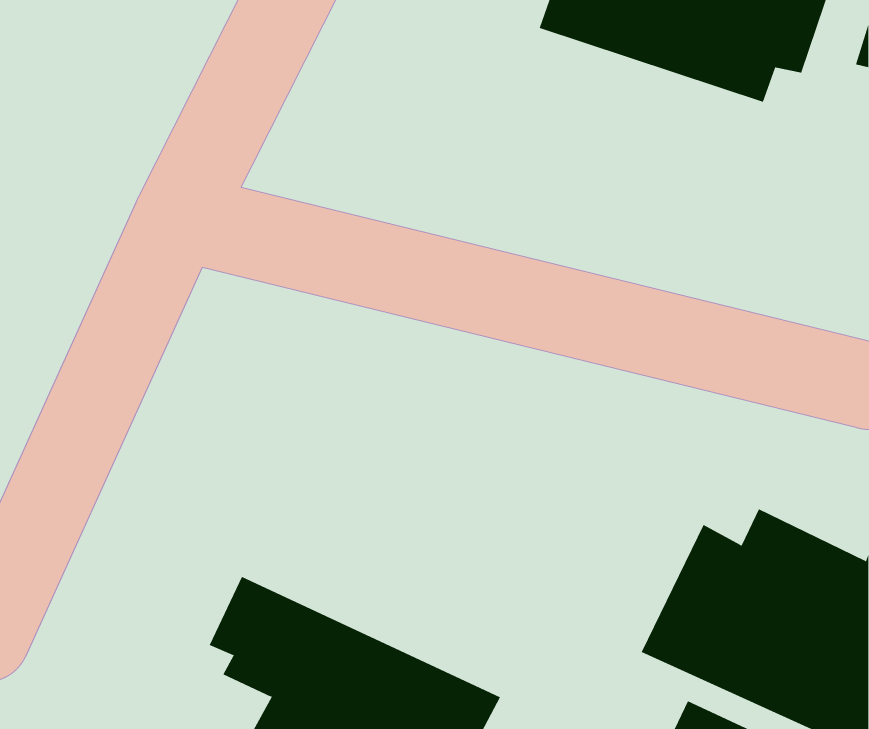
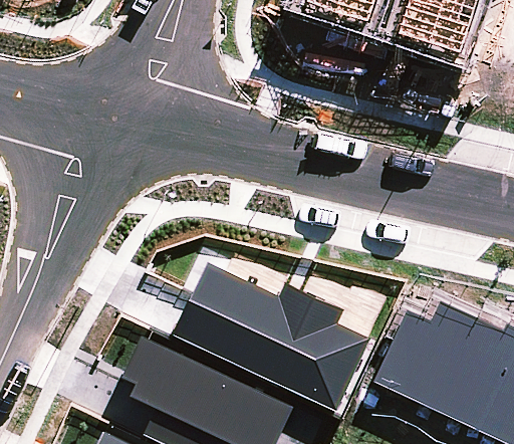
building: none -> [171,264,370,411]

